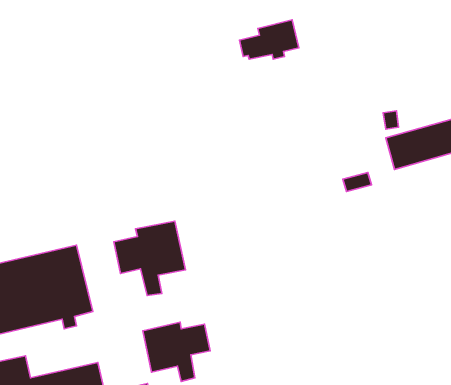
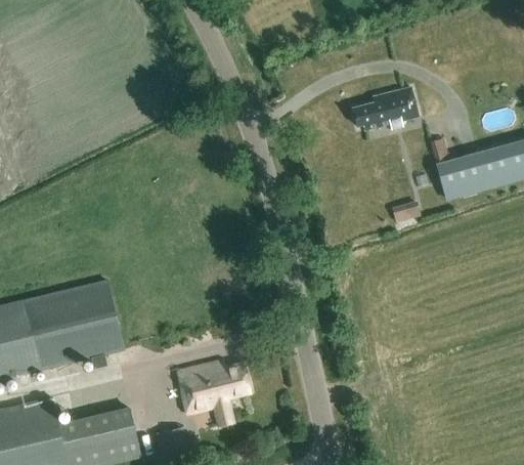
building: [239,20,299,59] -> [354,87,418,129]
building: [114,221,185,296] -> none

